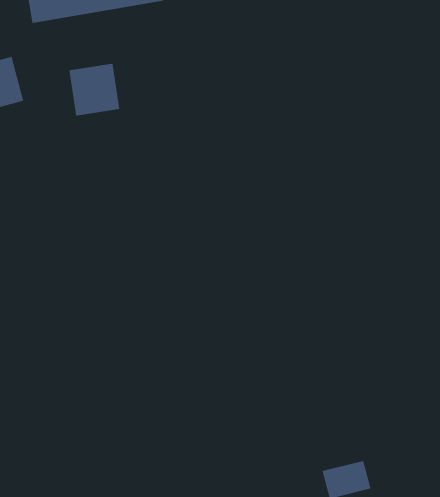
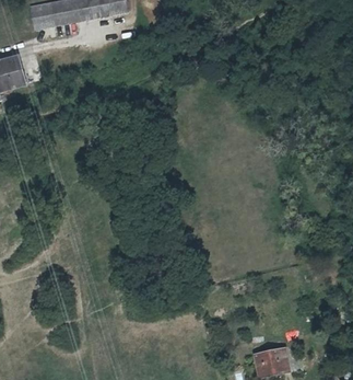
building: [68,63,120,117] -> none

